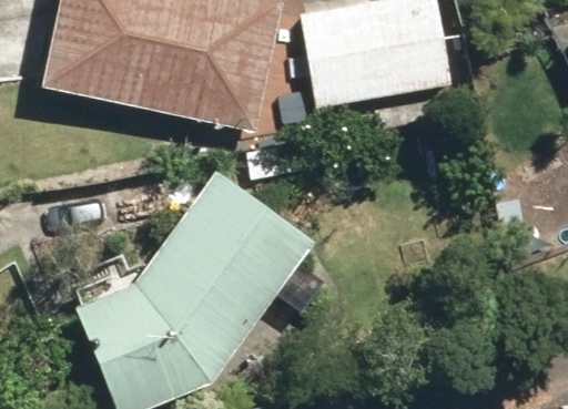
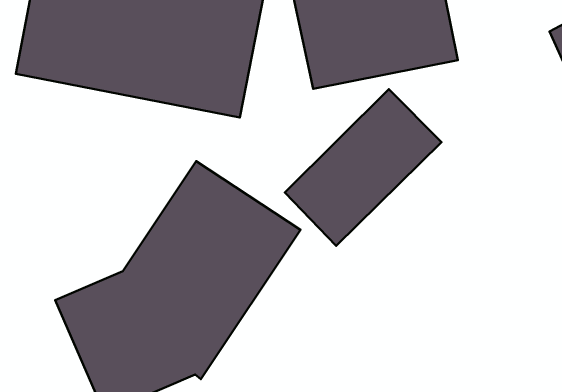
building: none -> [285,89,441,246]

